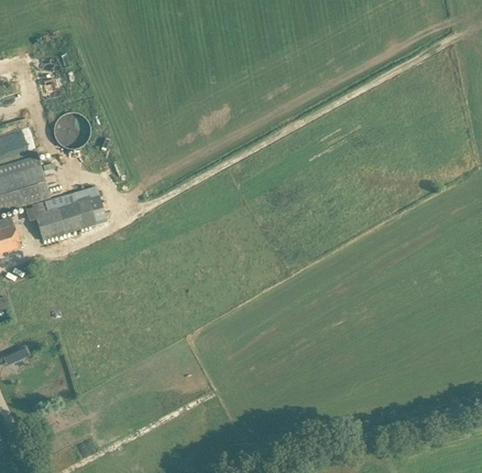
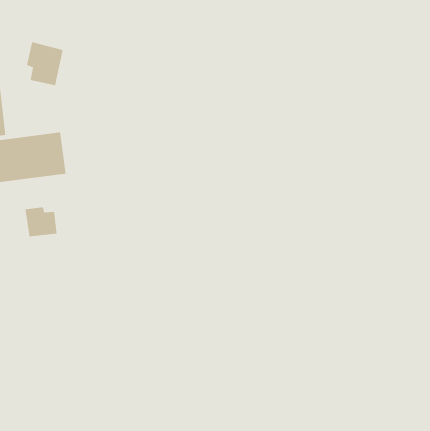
building: none -> [25,206,57,237]

